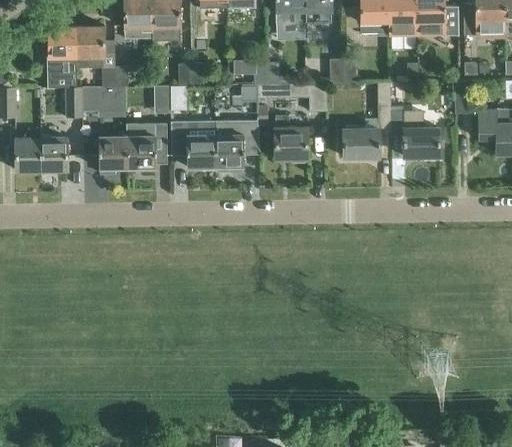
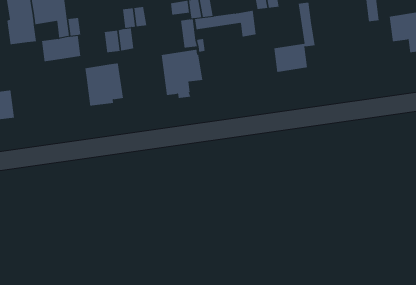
building: [66,87,82,117] -> none
building: [390,106,439,156] -> none
building: [275,116,307,163] -> none
building: [170,120,215,167] -> none
building: [99,135,127,174] -> none
building: [41,137,67,170] -> none

